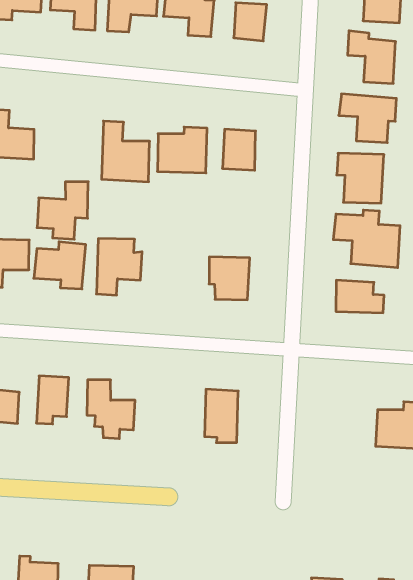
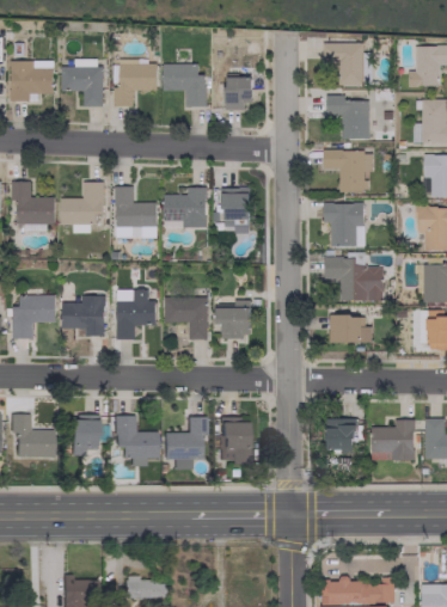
building: [37,182,88,239] -> [60,182,104,233]
building: none -> [164,296,208,341]
building: none -> [164,417,207,470]
building: none -> [326,418,356,452]

